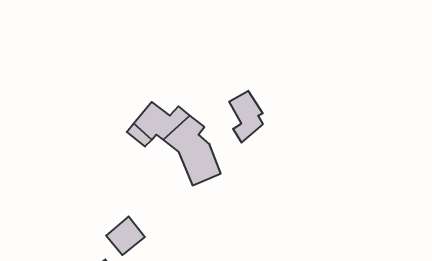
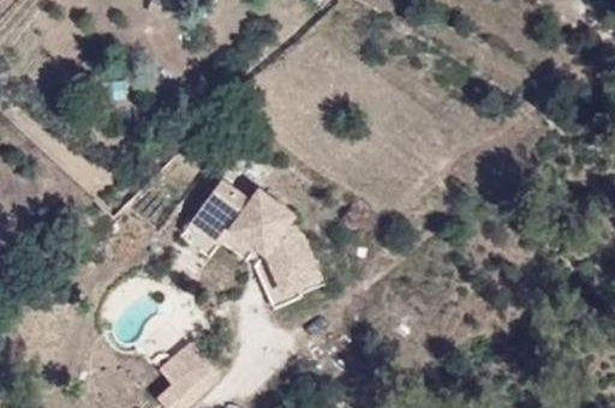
building: [229,91,263,143] -> none

